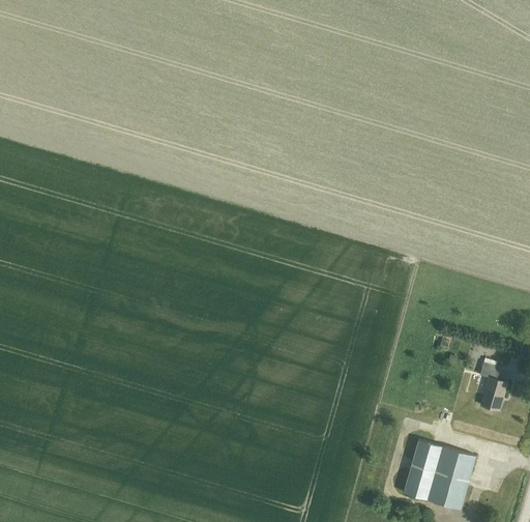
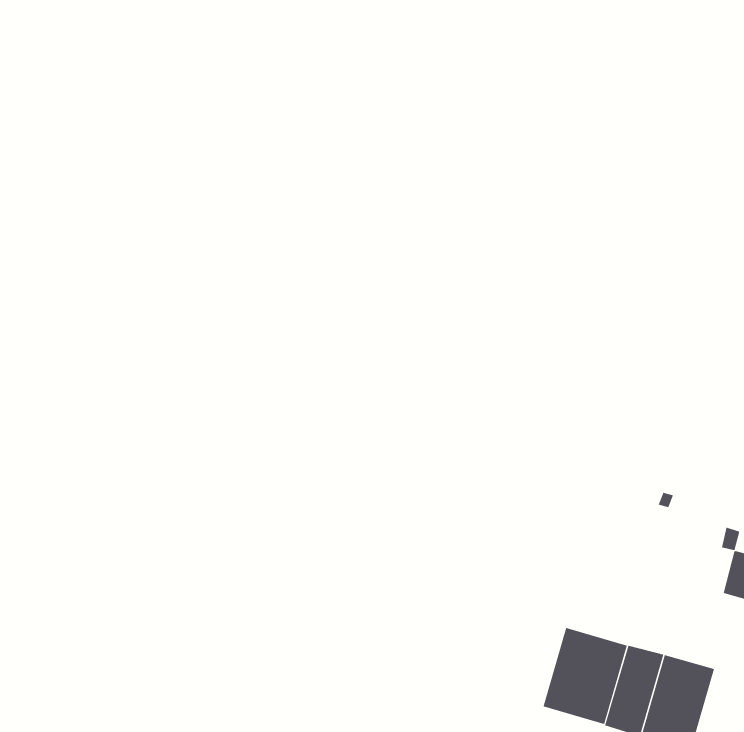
building: none -> [543,627,627,725]

